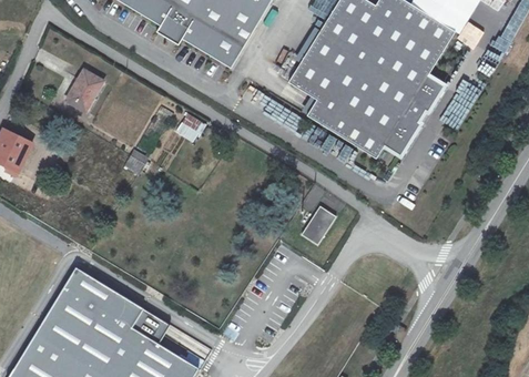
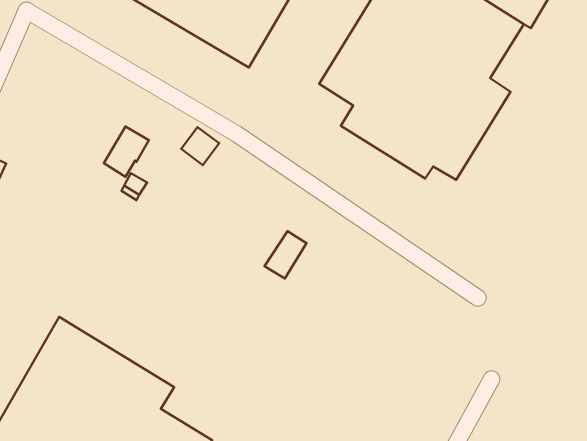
building: [64,71,101,112] -> [104,127,149,177]
building: [299,206,334,245] -> [264,231,306,279]

